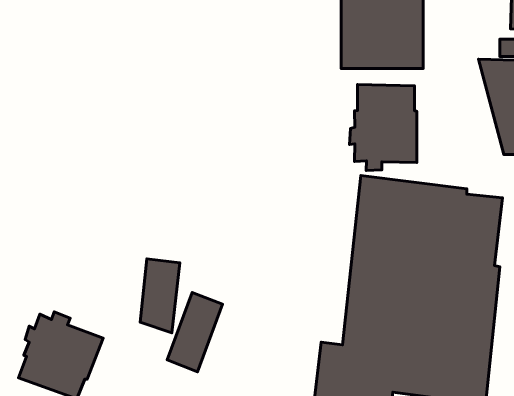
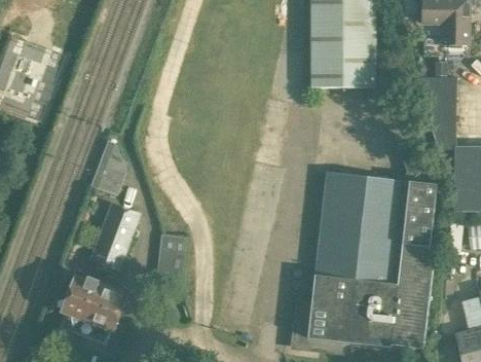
building: [350,84,417,170] -> none
building: none -> [90,141,126,195]
building: [167,292,223,372] -> [95,205,138,266]

